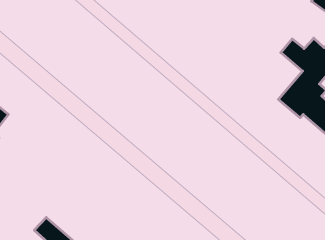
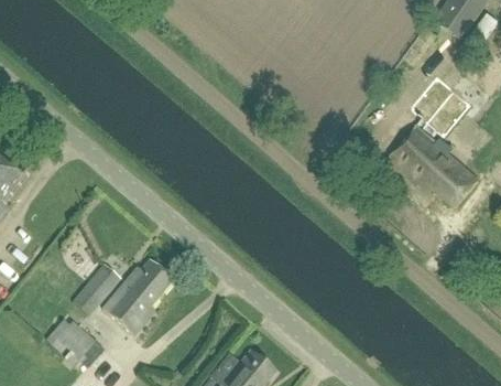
building: none -> [69,262,118,313]
building: none -> [105,262,174,341]

